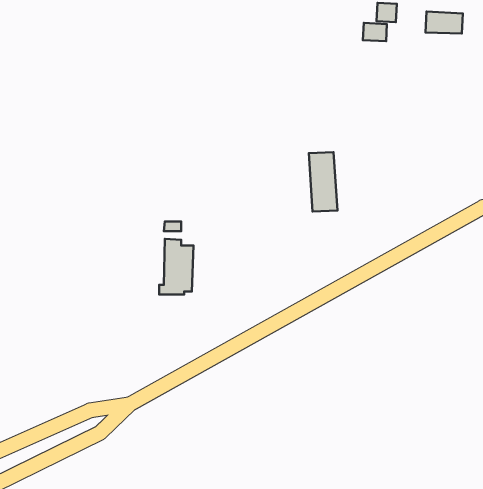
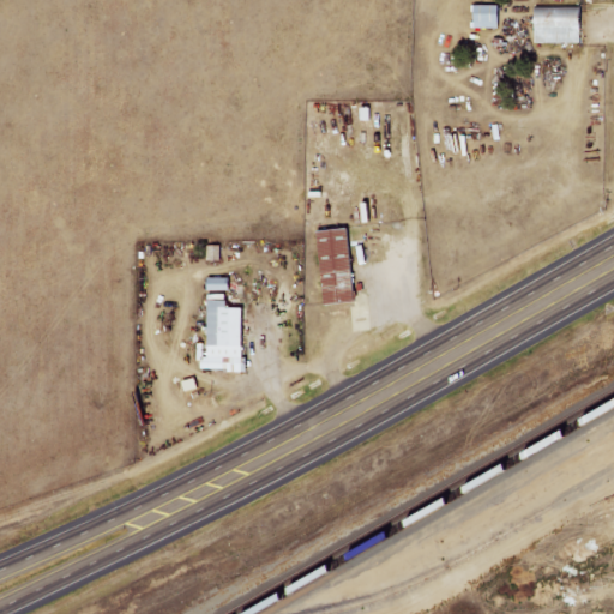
building: [363,23,387,41] -> none
building: [309,152,337,212] -> [317,228,353,302]

